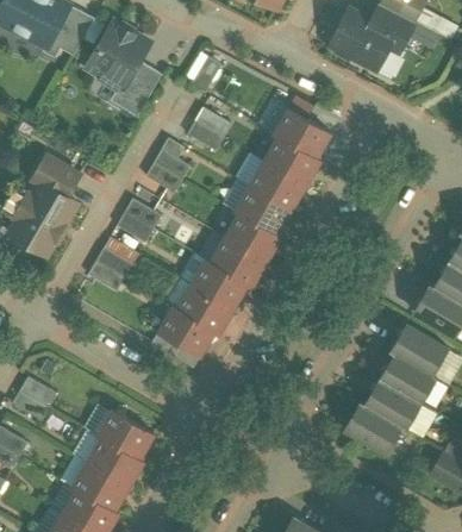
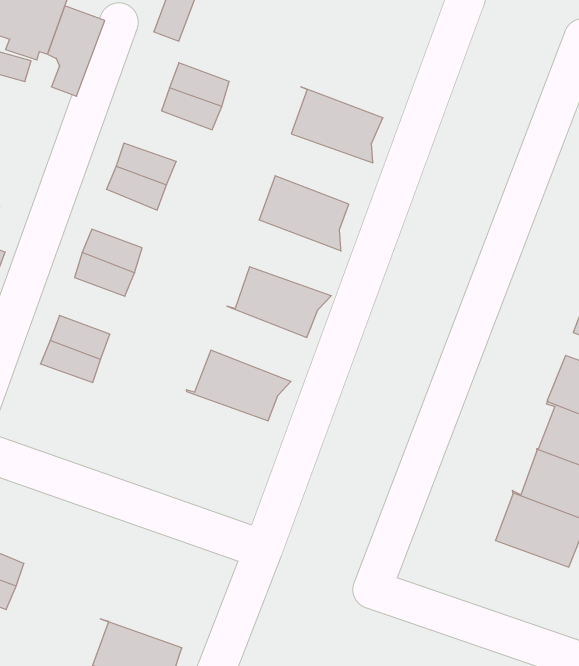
building: [273,108,330,162] -> none
building: [248,162,308,211] -> none
building: [223,211,280,264] -> none
building: [191,259,250,312] -> none
building: [156,307,218,357] -> none
building: [95,411,152,462] -> none

